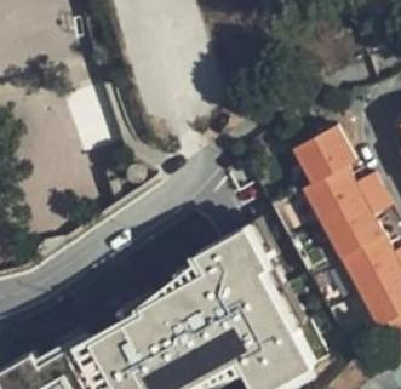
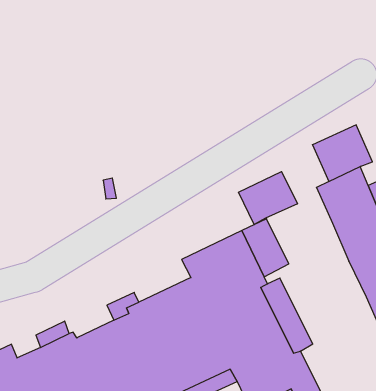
building: none -> [238,172,297,225]

